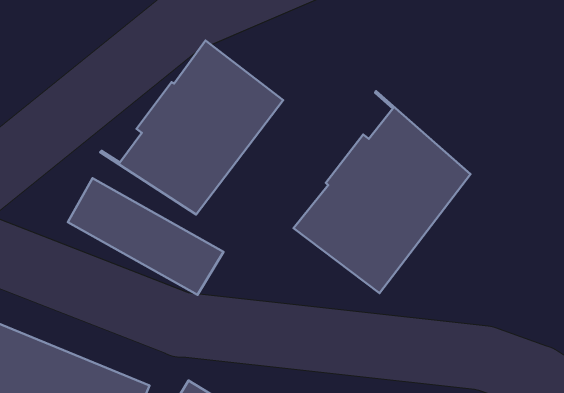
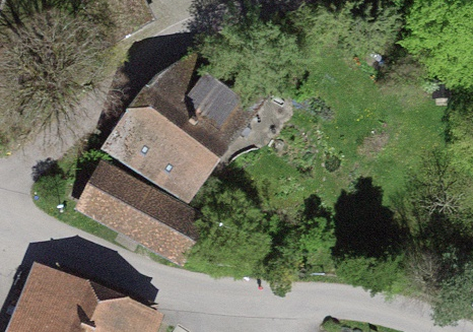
building: [294,91,470,293] -> none

